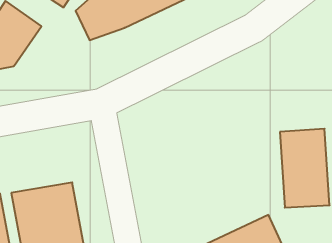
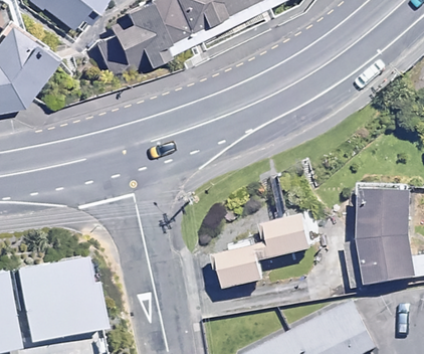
building: none -> [251,212,308,255]
building: none -> [202,243,256,294]

